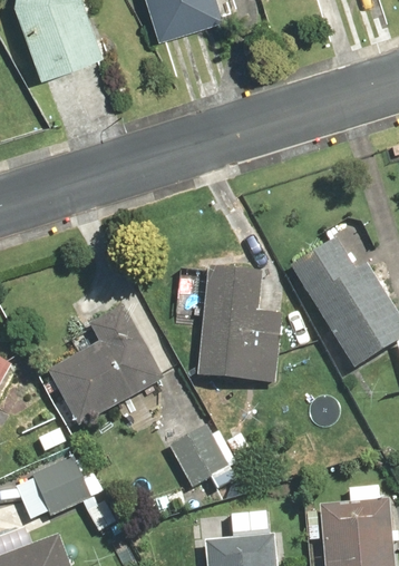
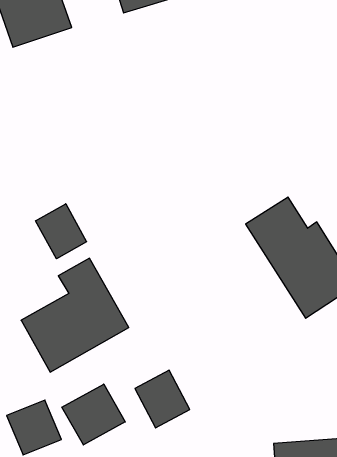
building: none -> [36,204,87,259]
building: [196,267,282,383] -> none
building: none -> [62,384,125,445]

